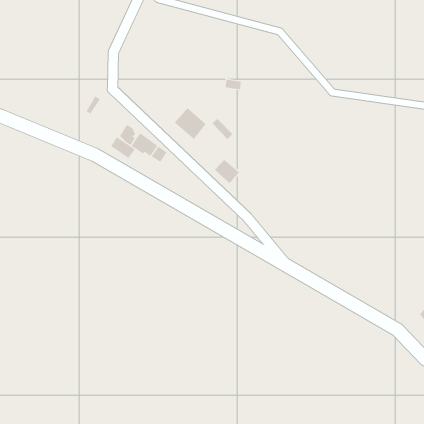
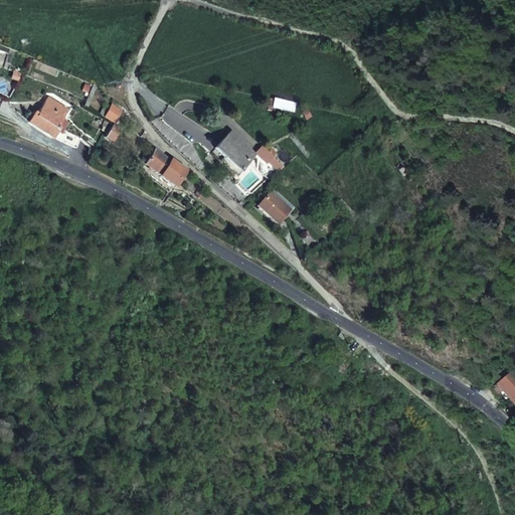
building: none -> [31,98,83,146]
building: [111,136,135,159] -> none

